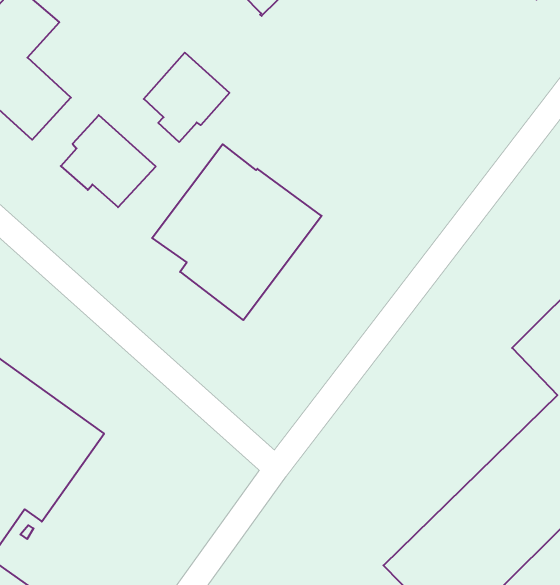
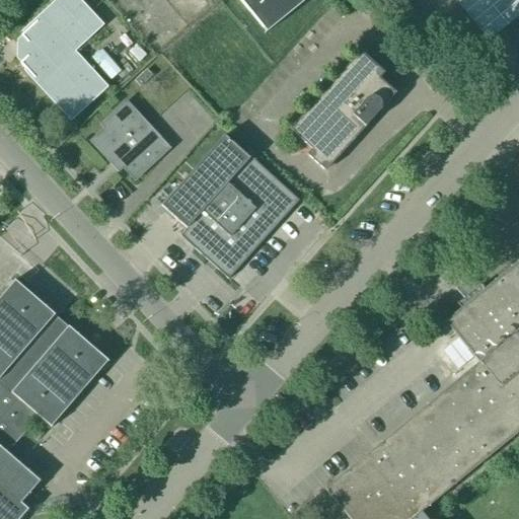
building: none -> [292,51,395,167]
building: [144,53,229,142] -> none

